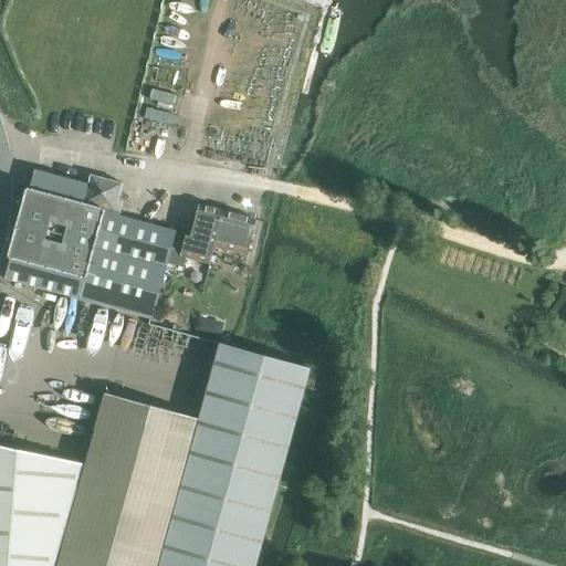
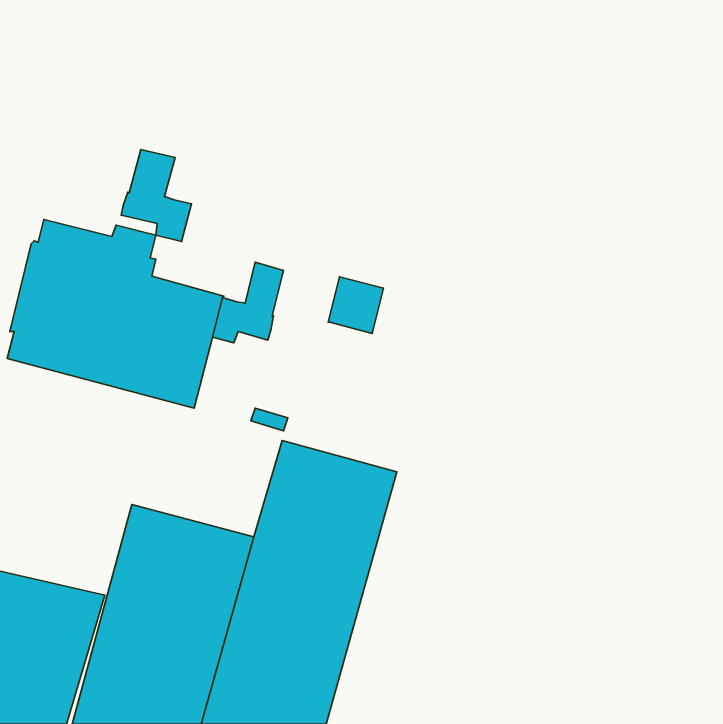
building: none -> [121,150,192,242]
building: [212,211,255,255] -> [328,277,384,333]

